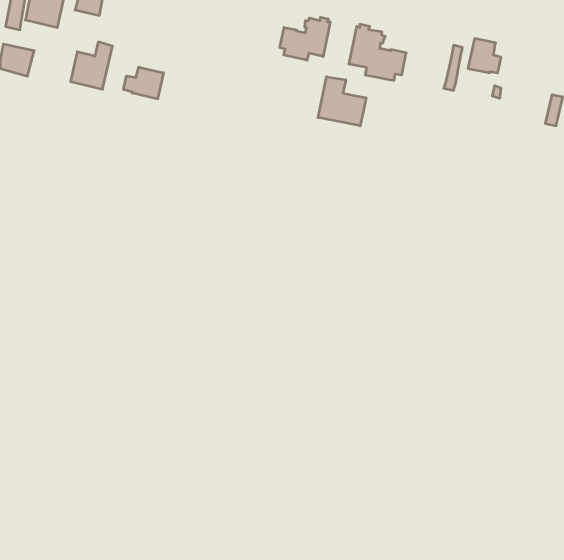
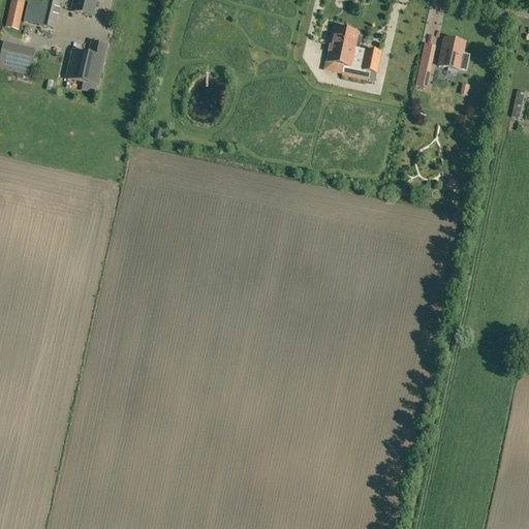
building: [280,17,330,60] -> none
building: [124,67,163,99] -> none
building: [318,77,366,126] -> none

